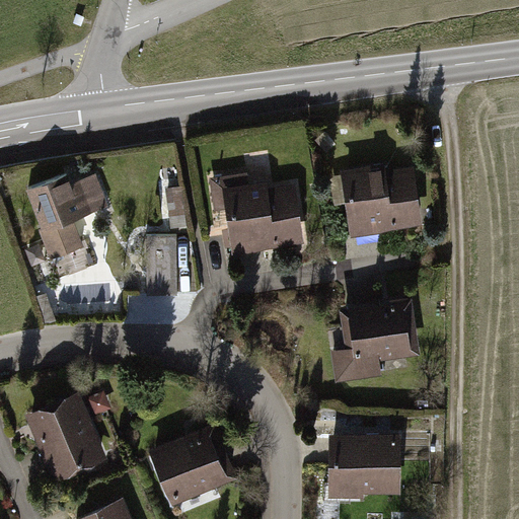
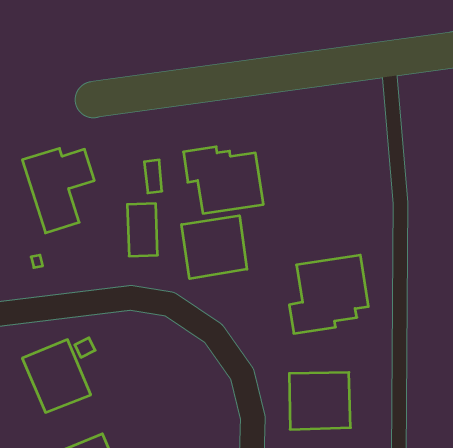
building: [330,161,420,235] -> none
building: none -> [182,216,247,279]
building: [150,426,234,507] -> none

